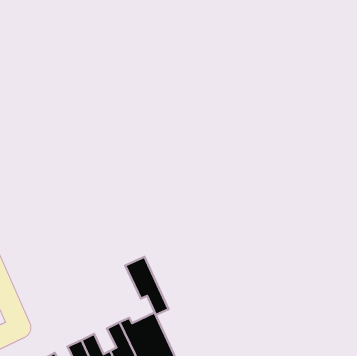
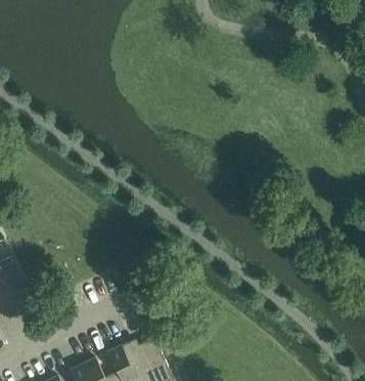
building: [125,257,169,315] -> none

